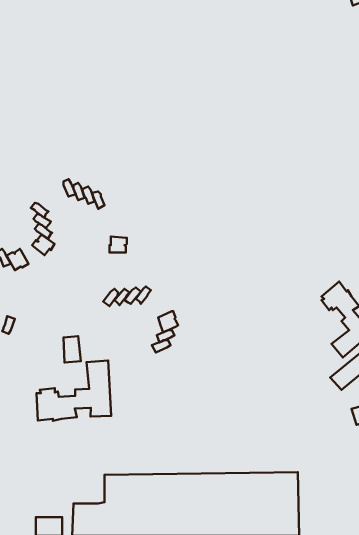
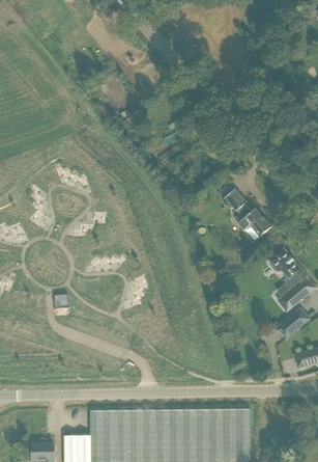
building: none -> [223,188,270,237]
building: [36,361,111,421] -> none

